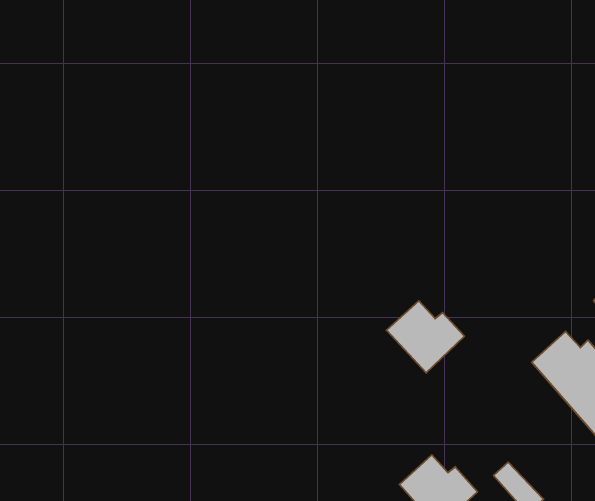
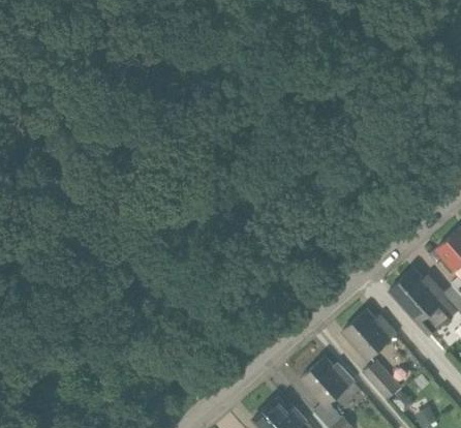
building: [386,301,464,373] -> [342,309,397,360]

